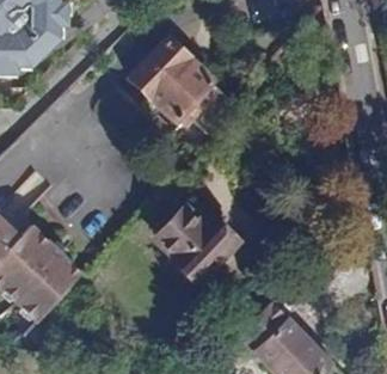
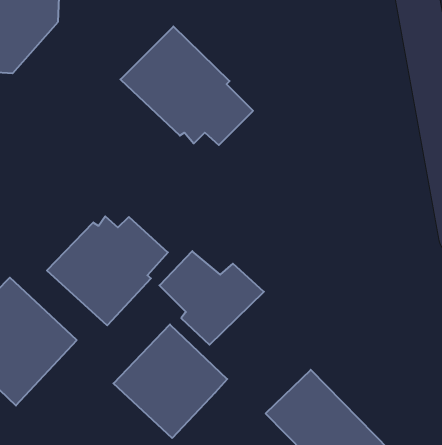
building: none -> [47,216,168,325]
building: none -> [113,324,227,438]

